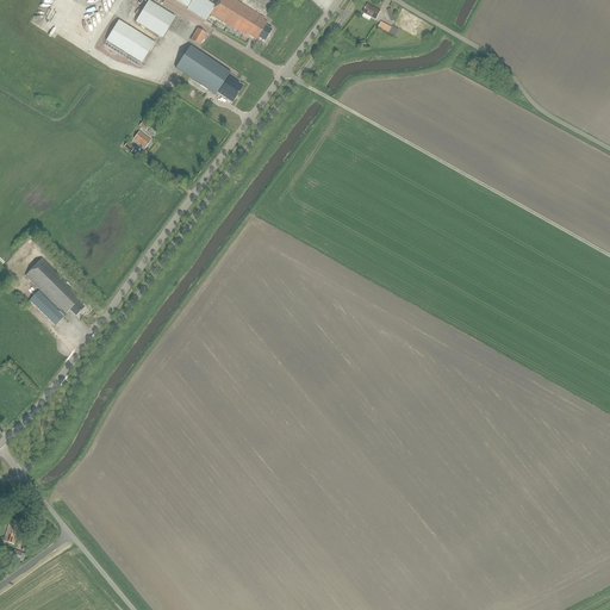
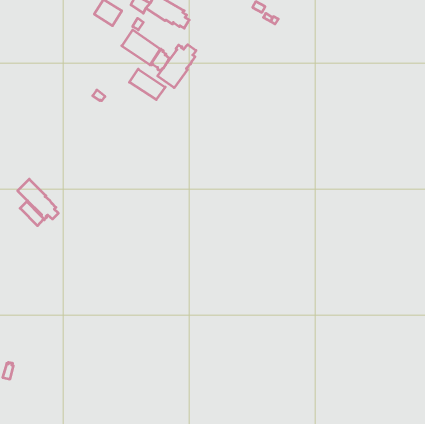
building: [105,19,154,62] -> none
building: none -> [158,45,196,88]
building: none -> [129,69,165,100]

